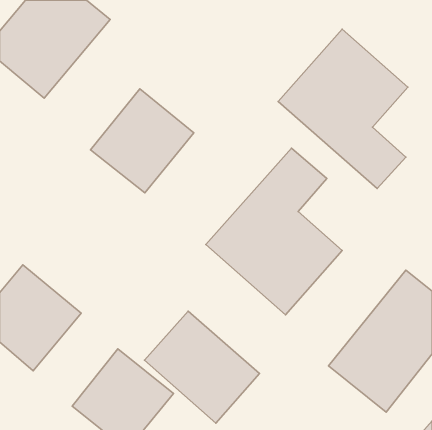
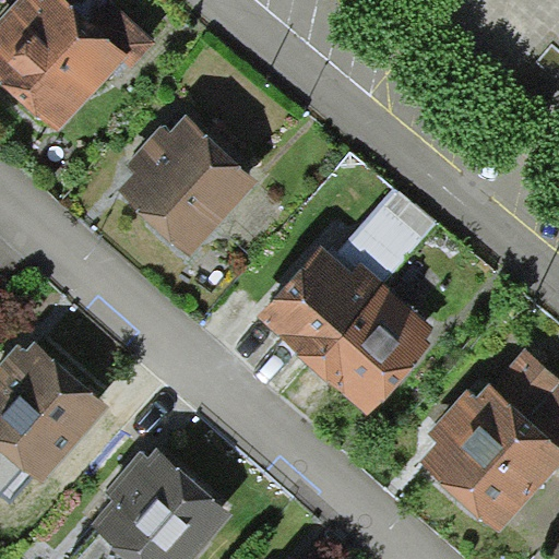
building: [278,29,408,189] -> none
building: [144,311,259,423] -> none

